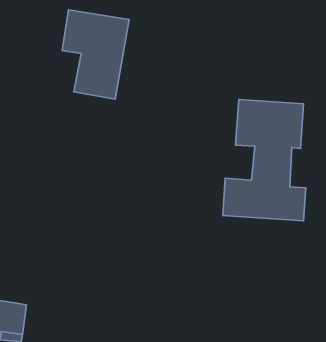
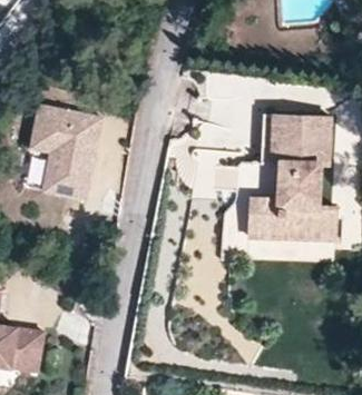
building: [62,10,129,99] -> [29,107,99,200]

